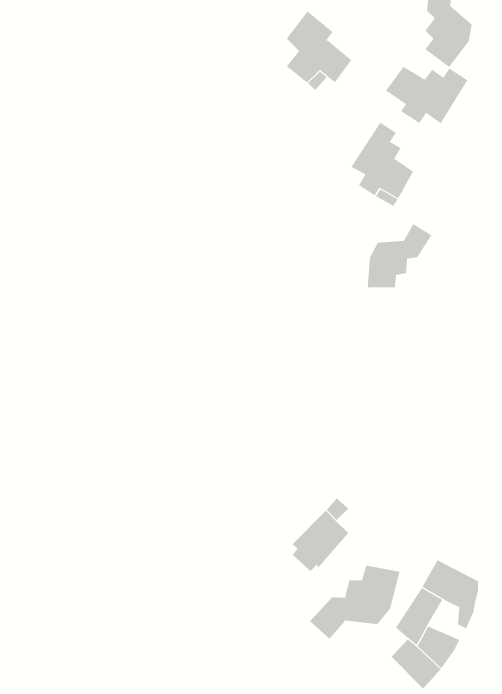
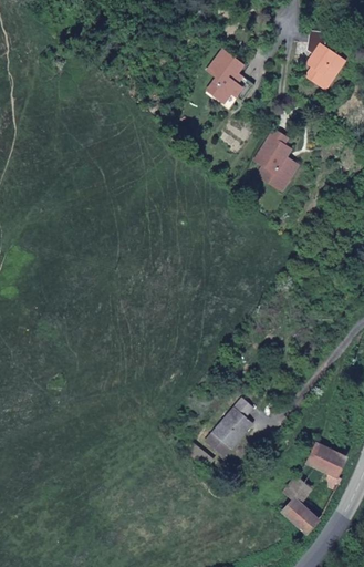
building: [385,66,468,124] -> none
building: [367,223,432,288] -> none
building: [309,565,400,640] -> none

